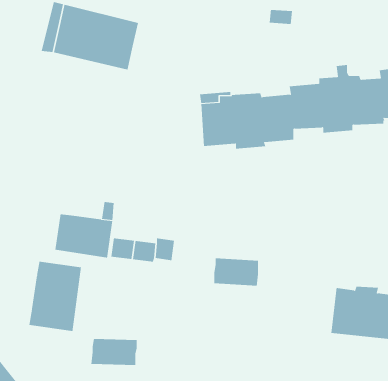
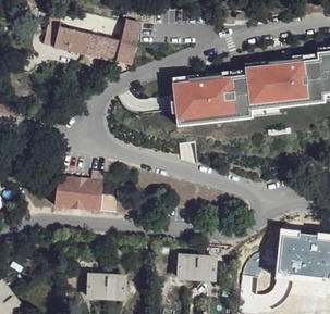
building: none -> [114,21,140,62]
building: [213,258,259,286] -> [175,256,212,279]
building: [29,261,82,332] -> none

